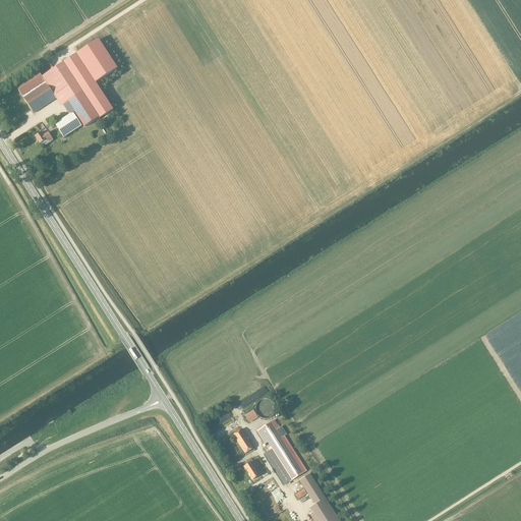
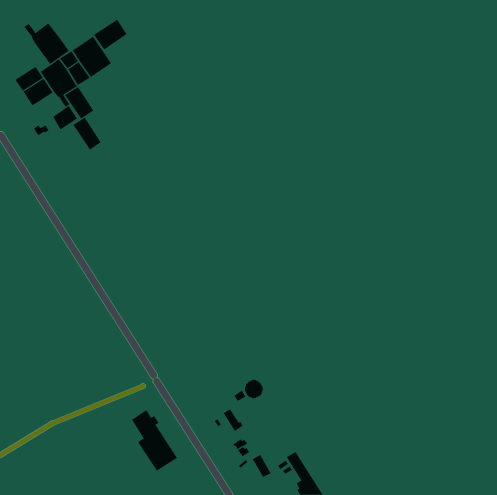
building: none -> [93,19,128,51]
building: none -> [24,23,69,65]
building: [81,81,112,117] -> [72,117,102,151]
building: [257,418,306,483] -> [131,409,178,471]

